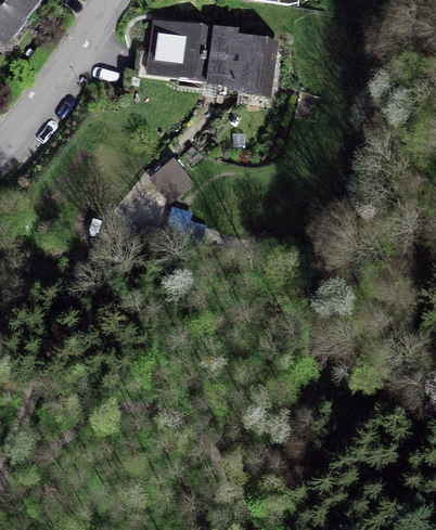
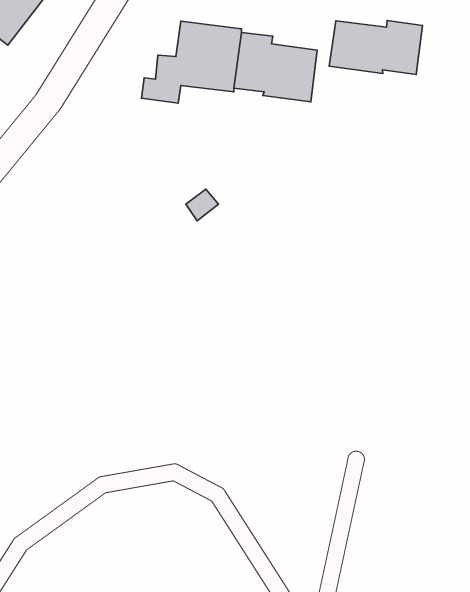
building: none -> [329,21,422,74]

